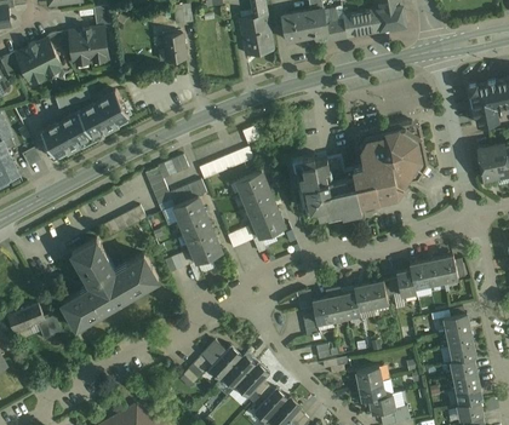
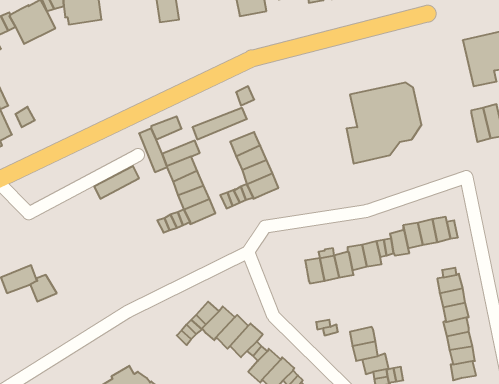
building: [52,104,121,157] -> none
building: [294,156,362,220] -> none
building: [62,239,158,327] -> none

